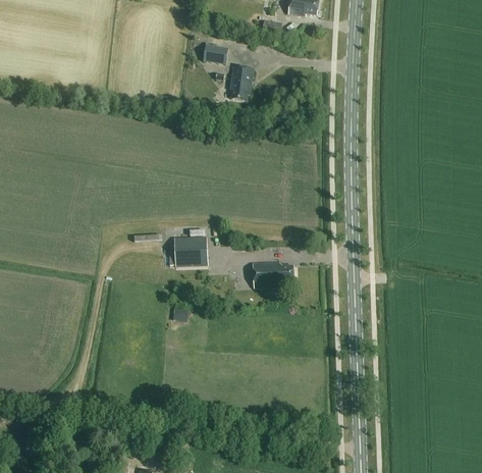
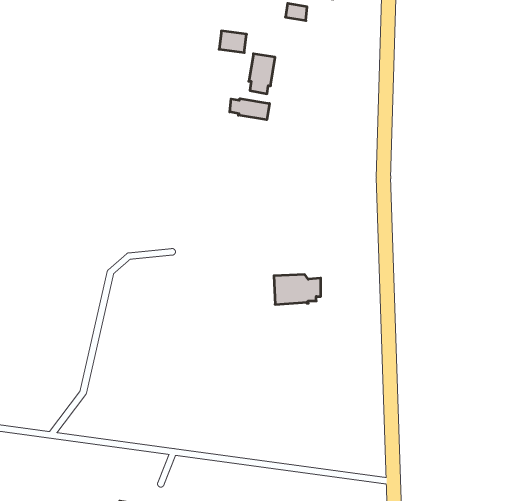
building: none -> [230,99,269,120]
building: [174,235,208,265] -> none

